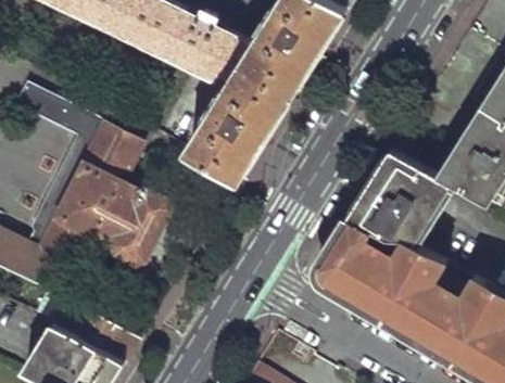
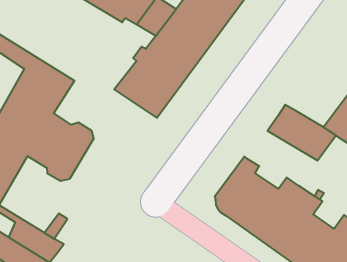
building: [351,186,434,247] -> none

